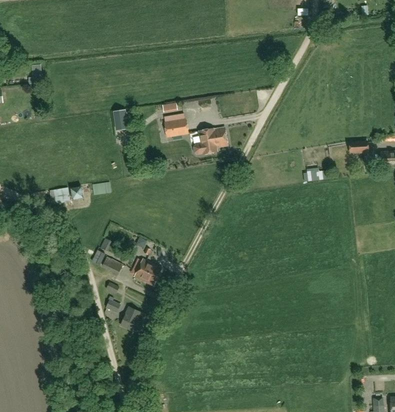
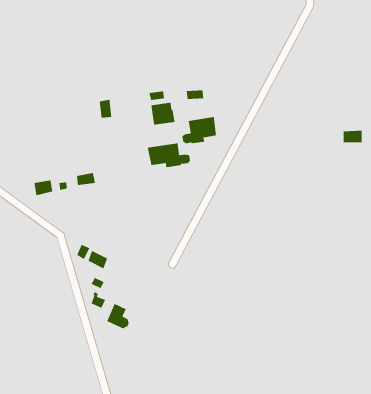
building: none -> [147,142,191,168]
building: [133,258,162,286] -> none

